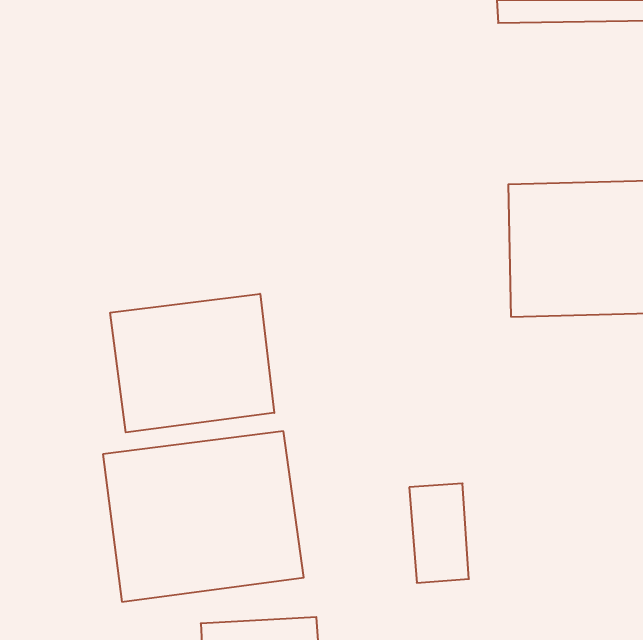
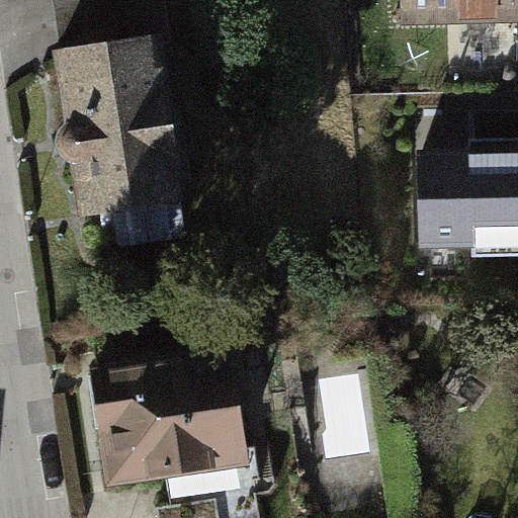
building: none -> [64,31,183,212]
building: [110,294,274,432] -> none

